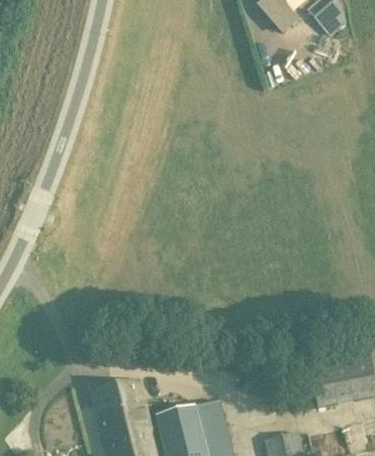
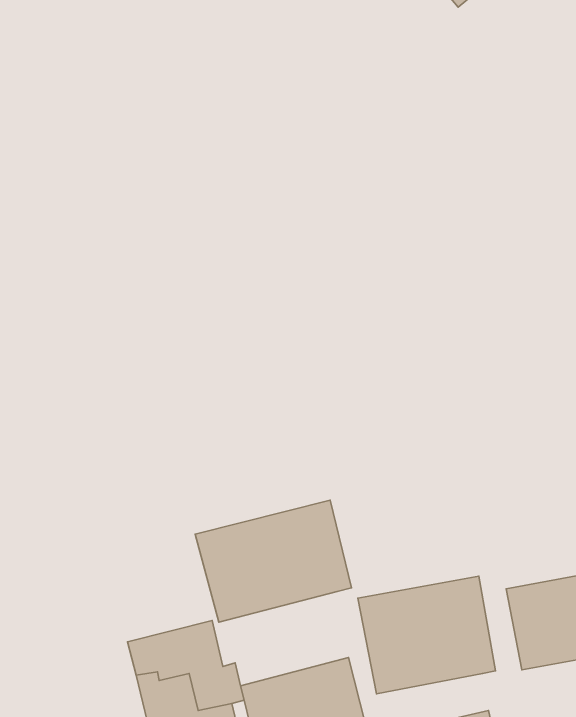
building: none -> [195,500,352,622]
building: none -> [358,576,495,694]

